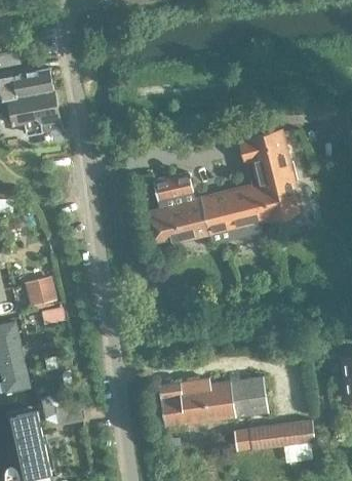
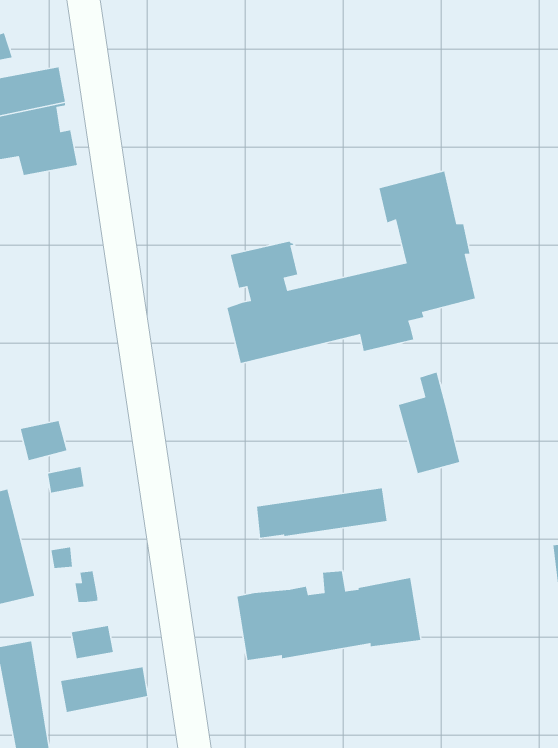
building: none -> [398,371,460,474]
building: [235,419,314,450] -> [256,487,388,539]
building: none -> [60,666,148,713]

